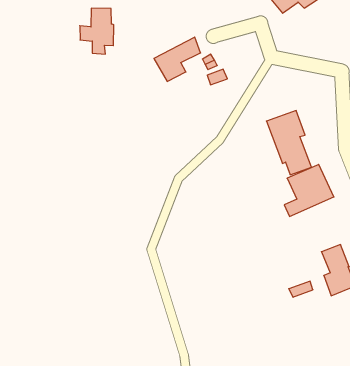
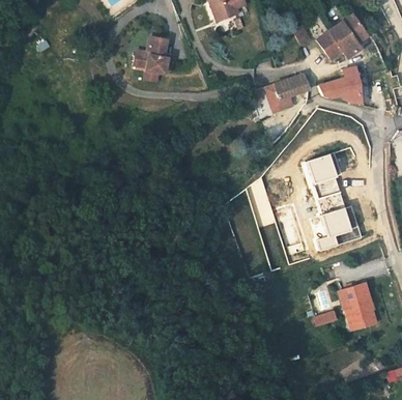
building: none -> [319,67,365,101]
building: [154,37,201,81] -> [263,73,308,112]

